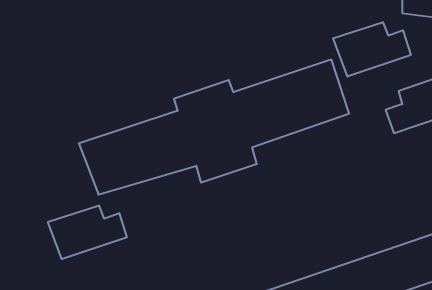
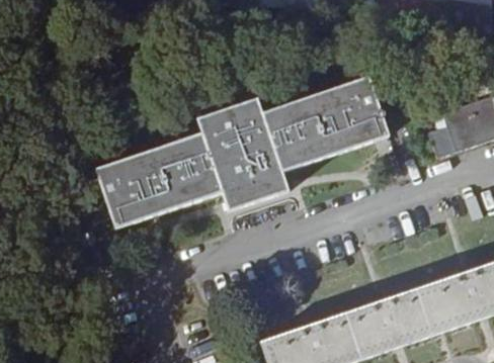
building: [333,22,411,77] -> none
building: [48,205,127,259] -> none

